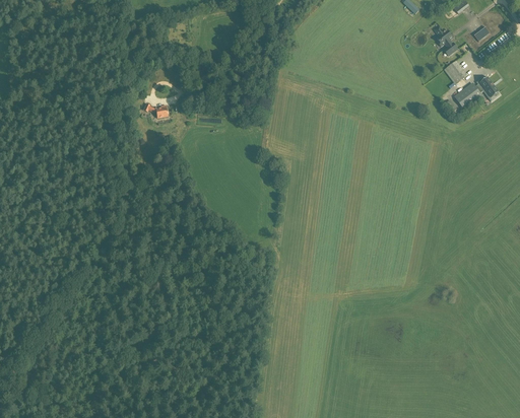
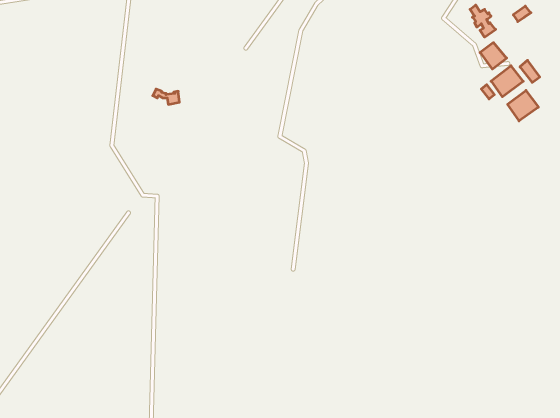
building: none -> [508,90,538,121]

